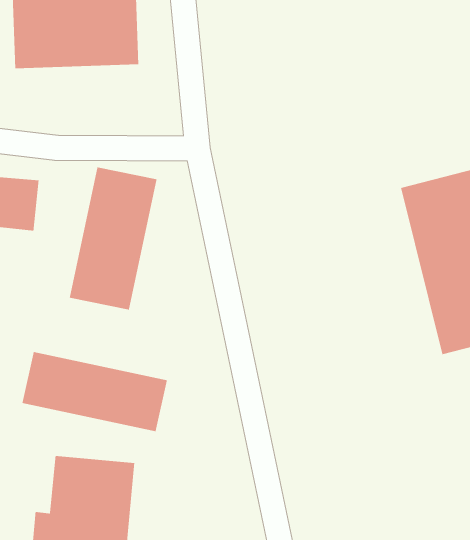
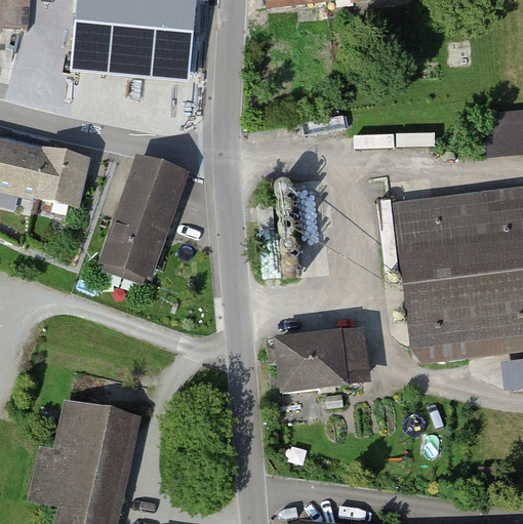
building: none -> [278,332,361,391]
building: [21,351,168,432] -> none

